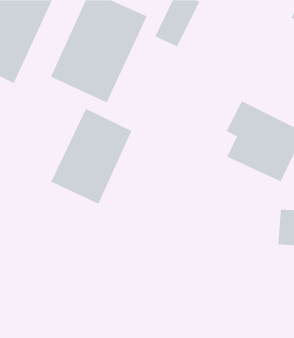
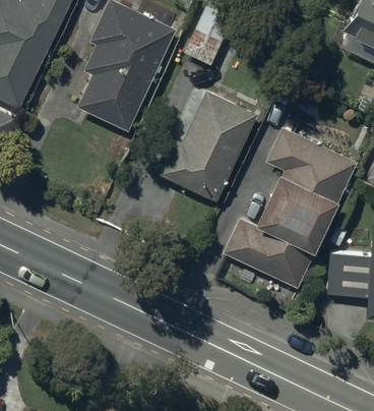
building: [51,108,132,205] -> [160,89,254,200]
building: none -> [223,192,330,289]

